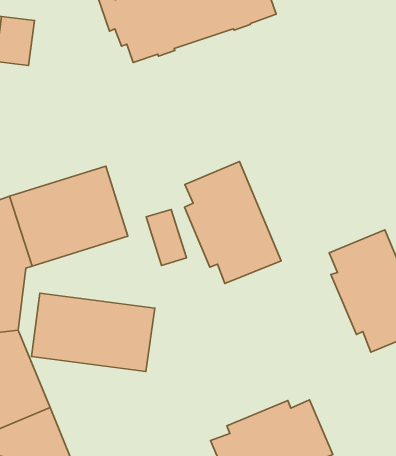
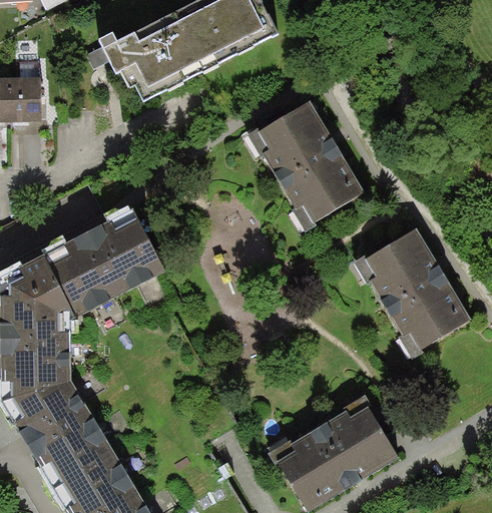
building: [184,161,281,284] -> [258,100,364,222]
building: [146,209,186,266] -> none
building: [32,293,155,372] -> none

